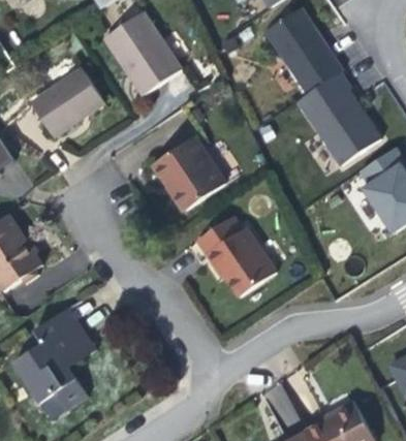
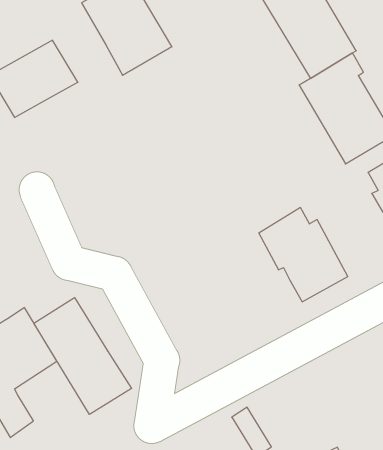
building: [159,133,225,206] -> none
building: [195,215,273,294] -> [259,208,348,302]
building: none -> [34,298,132,414]

